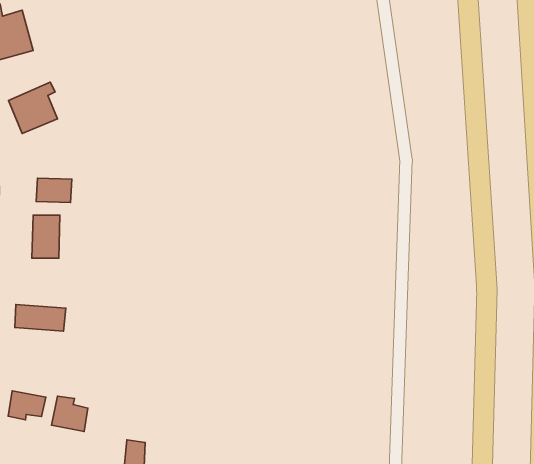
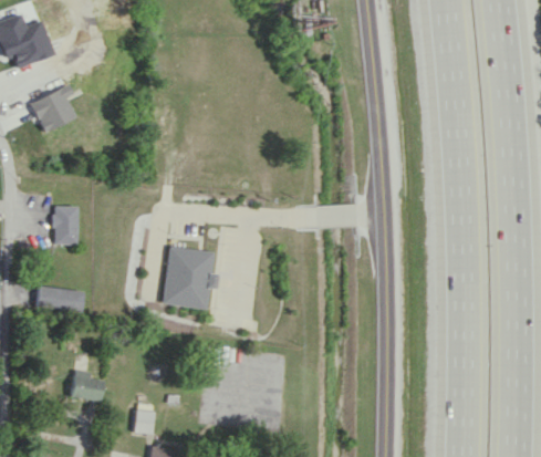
building: [36,178,72,203] -> none
building: none -> [163,246,218,310]
building: [8,391,46,420] -> none

